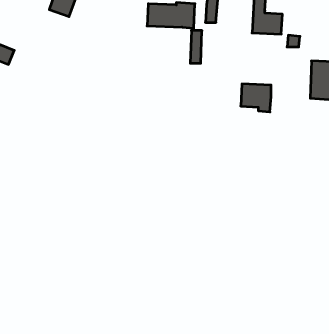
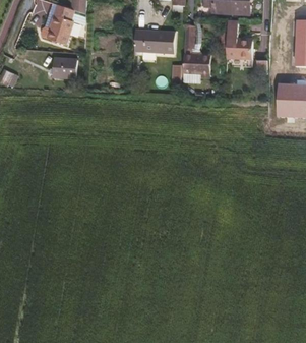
building: none -> [51,57,75,76]
building: [241,84,271,112] -> [183,54,209,78]

